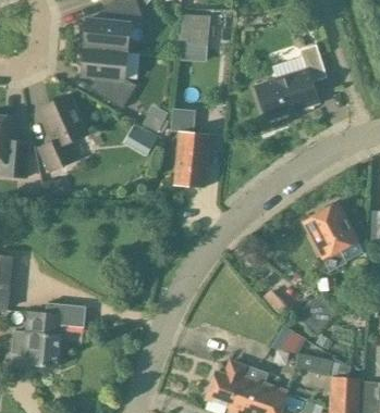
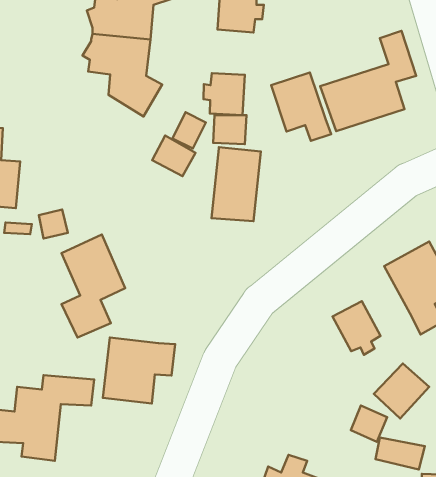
building: none -> [271,72,331,141]
building: none -> [204,73,245,115]
building: [38,95,86,172] -> [61,234,125,338]
building: none -> [333,301,381,355]
building: none -> [103,338,175,403]

